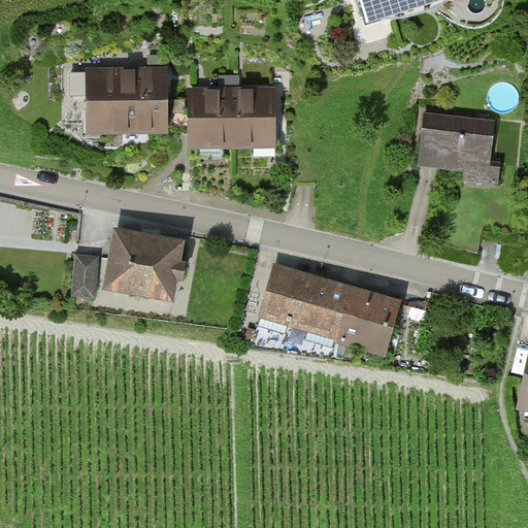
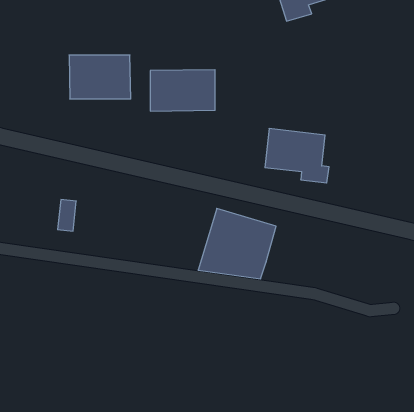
building: [419,111,500,180] -> [265,129,329,183]
building: [108,230,186,294] -> none
building: [338,288,399,346] -> none

